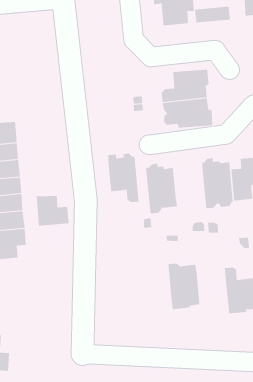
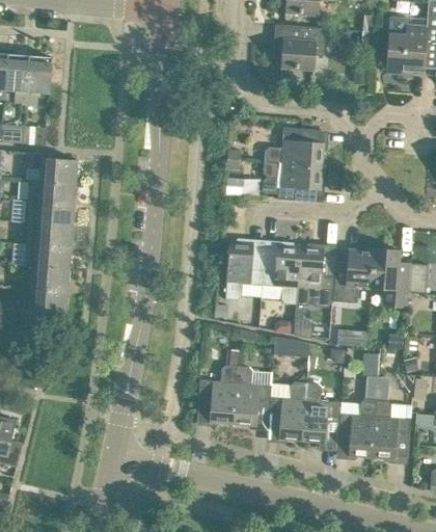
building: [195,6,230,23] -> none
building: [107,153,140,203] -> [262,238,300,303]
building: [36,195,69,226] -> none
building: none -> [274,337,309,355]
building: none -> [197,352,239,423]
building: none -> [267,380,306,440]

